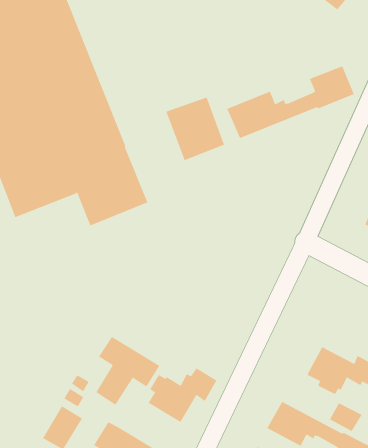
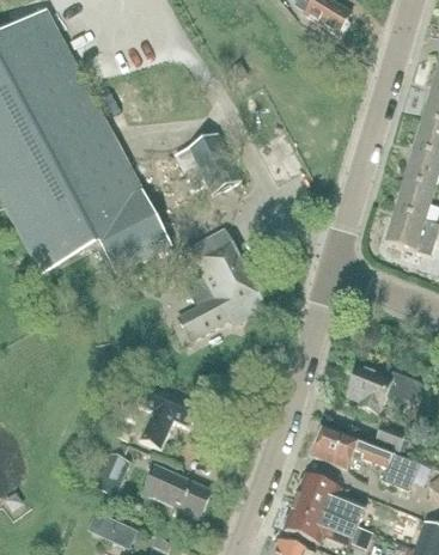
building: [227,65,354,139] -> none
building: none -> [177,227,266,340]
building: [148,368,217,423] -> none

